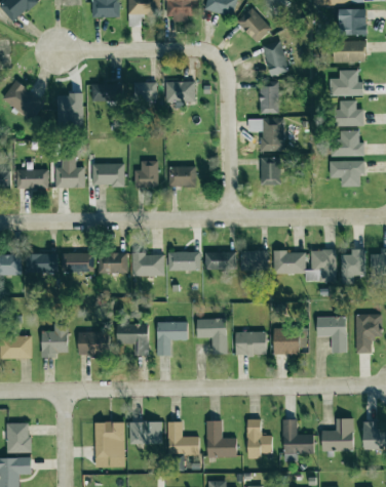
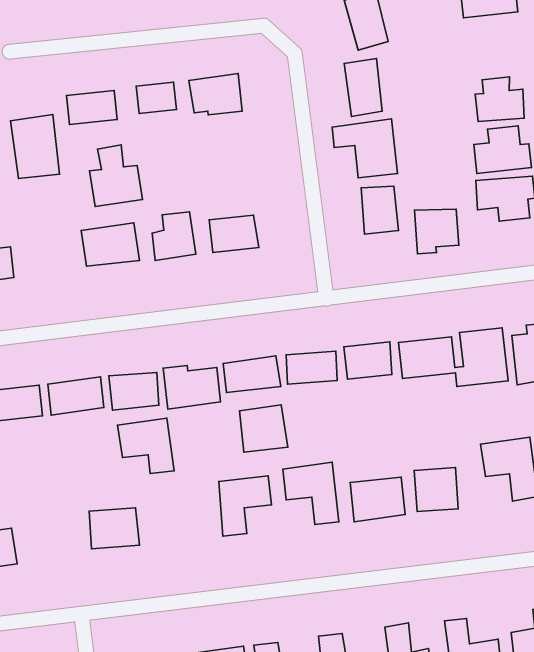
building: [331,70,363,95] -> none
building: [55,153,85,188] -> [89,145,143,206]
building: none -> [414,209,459,254]
building: none -> [239,405,288,452]
building: [118,323,149,355] -> [117,418,174,473]
building: [42,325,69,357] -> none

